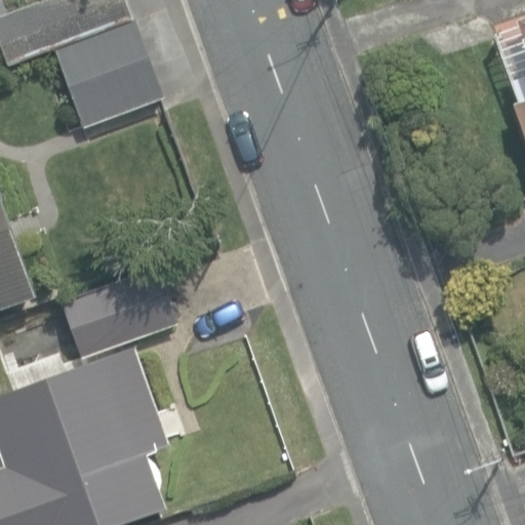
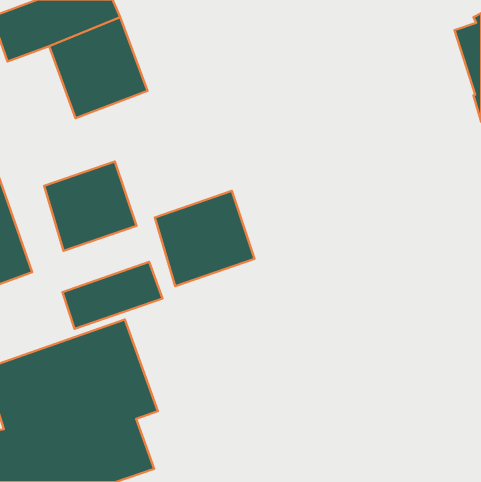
building: none -> [44,161,136,251]
building: none -> [155,191,255,286]

